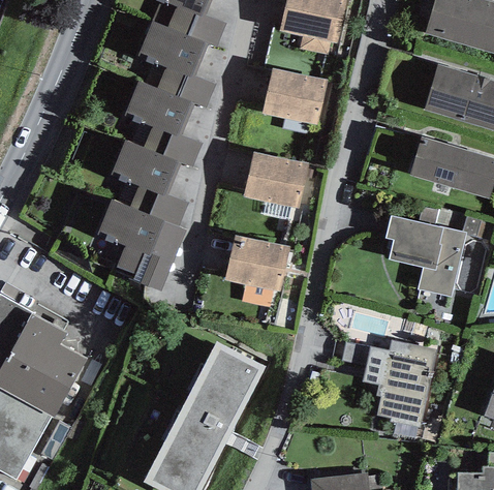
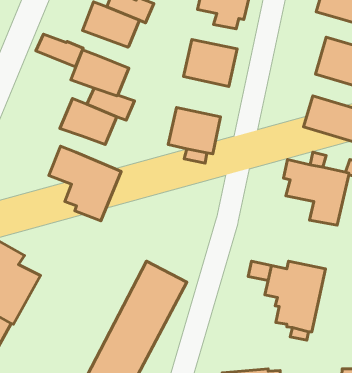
building: [157,66,215,106] -> [36,34,83,67]
building: [130,186,189,226] -> none
building: [225,235,290,307] -> none

